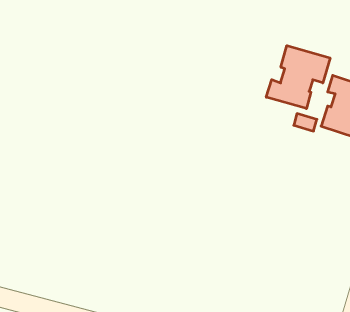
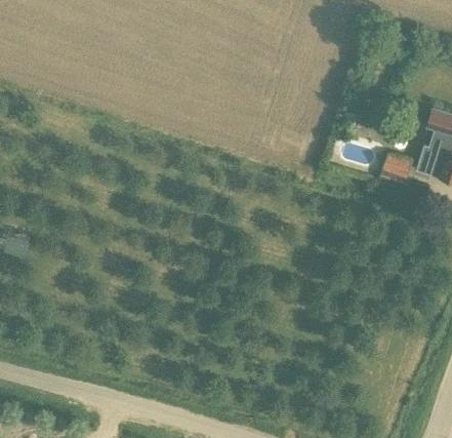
building: [266,46,330,109] -> none

